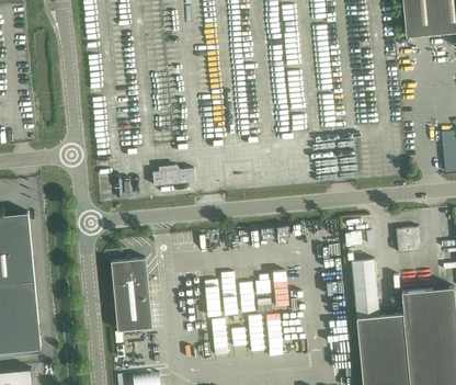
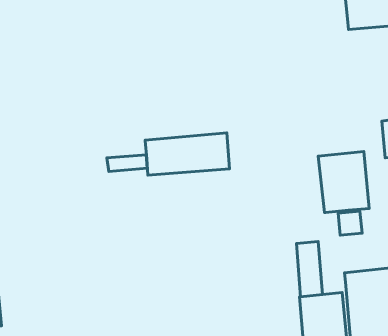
building: none -> [145,133,230,175]
building: none -> [318,152,369,213]
building: [111,260,152,332] -> none

